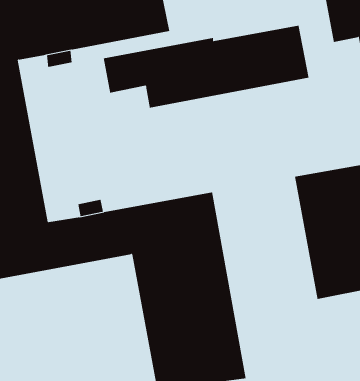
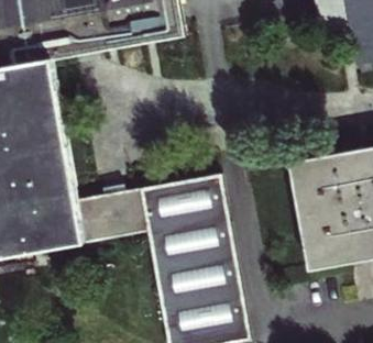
building: [103,25,309,109] -> none

